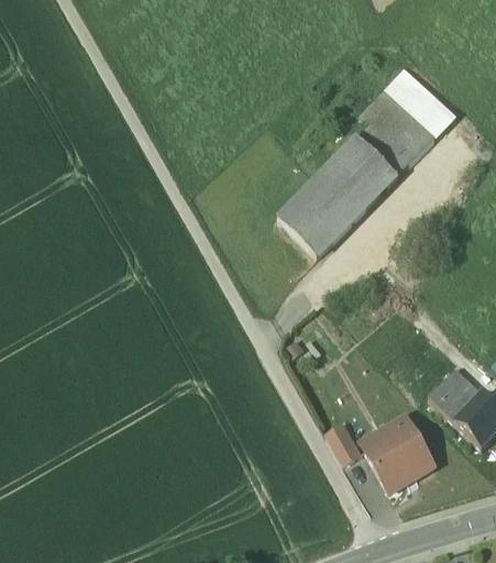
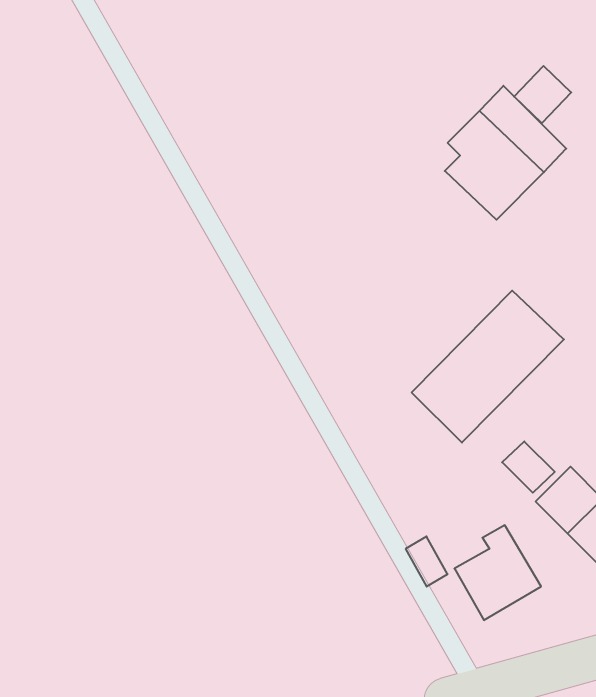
building: none -> [514,66,571,123]
building: [278,135,398,255] -> [412,291,564,443]
building: none -> [502,441,555,493]

